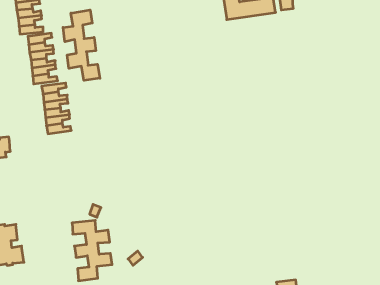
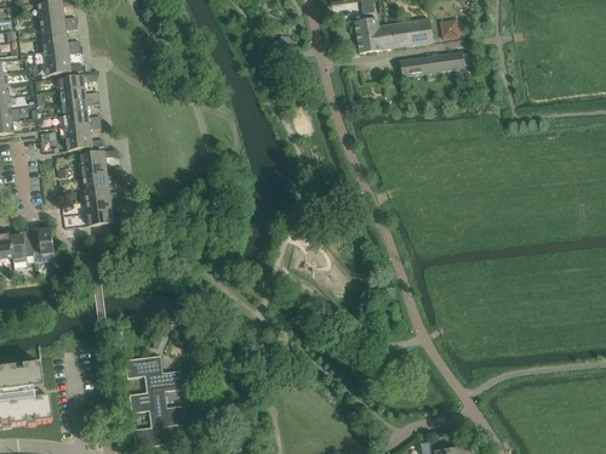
building: [63,10,100,80] -> none
building: none -> [398,51,474,76]
building: none -> [29,226,53,261]

